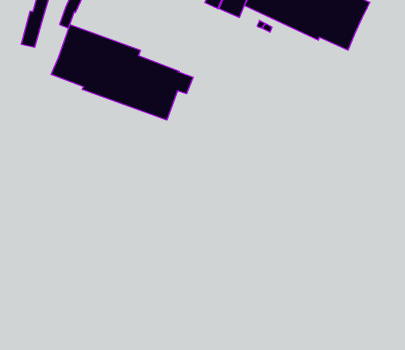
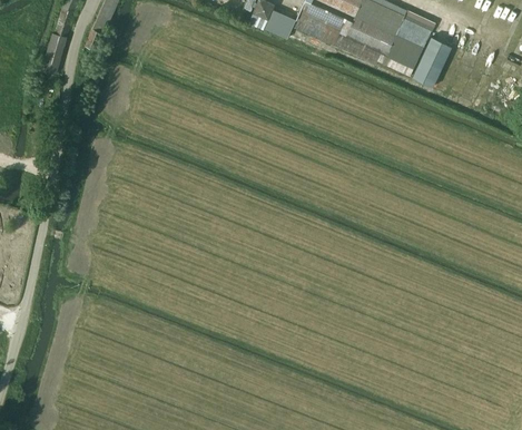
building: none -> [413,38,450,87]
building: [51,24,193,120] -> none

